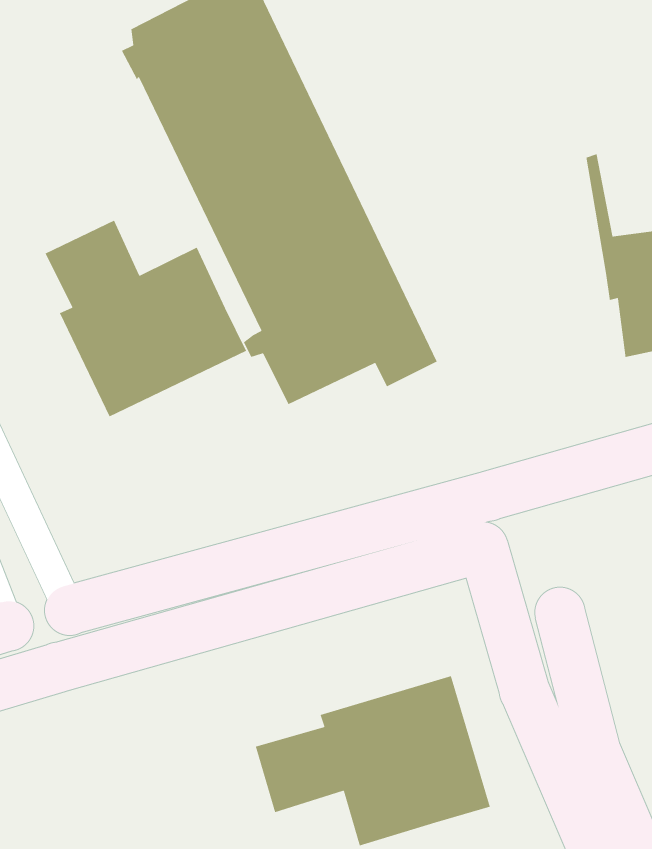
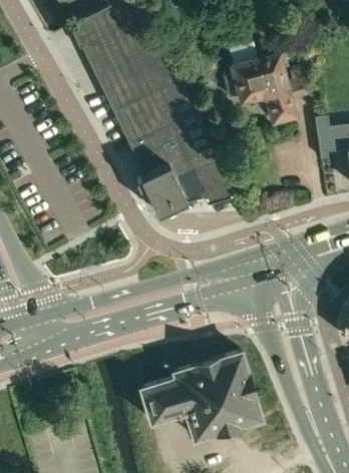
building: none -> [224,43,310,120]
building: [45,219,247,418] -> none

